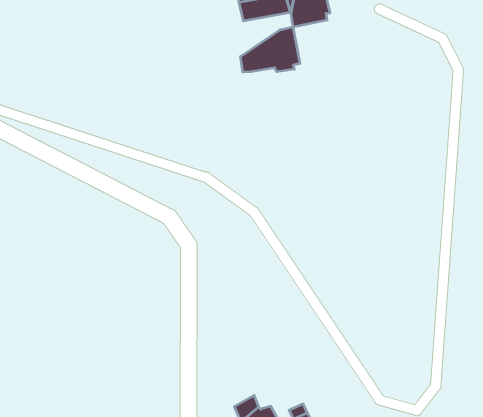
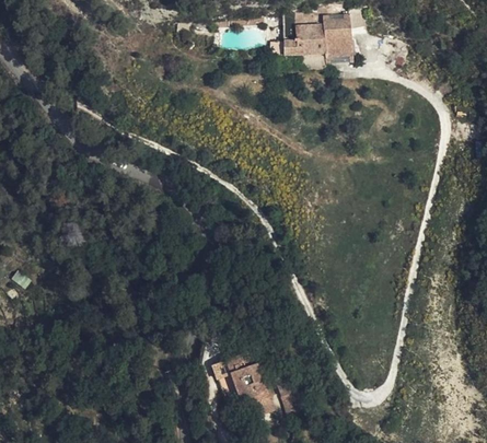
building: [241,27,300,72] -> none

